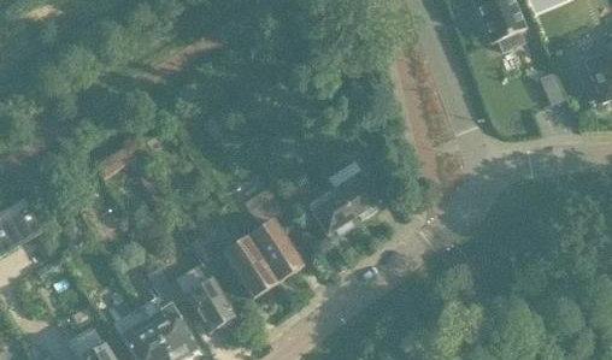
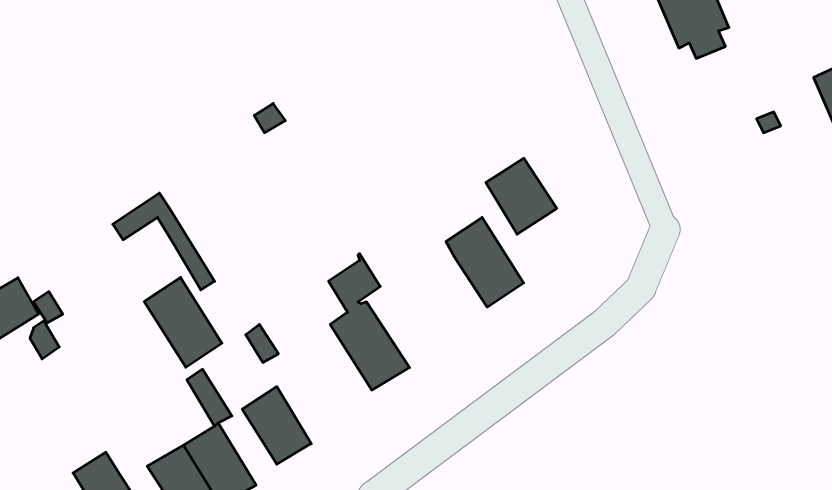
building: [307,188,357,241] -> [486,158,557,234]
building: [222,235,276,297] -> [144,277,222,367]

